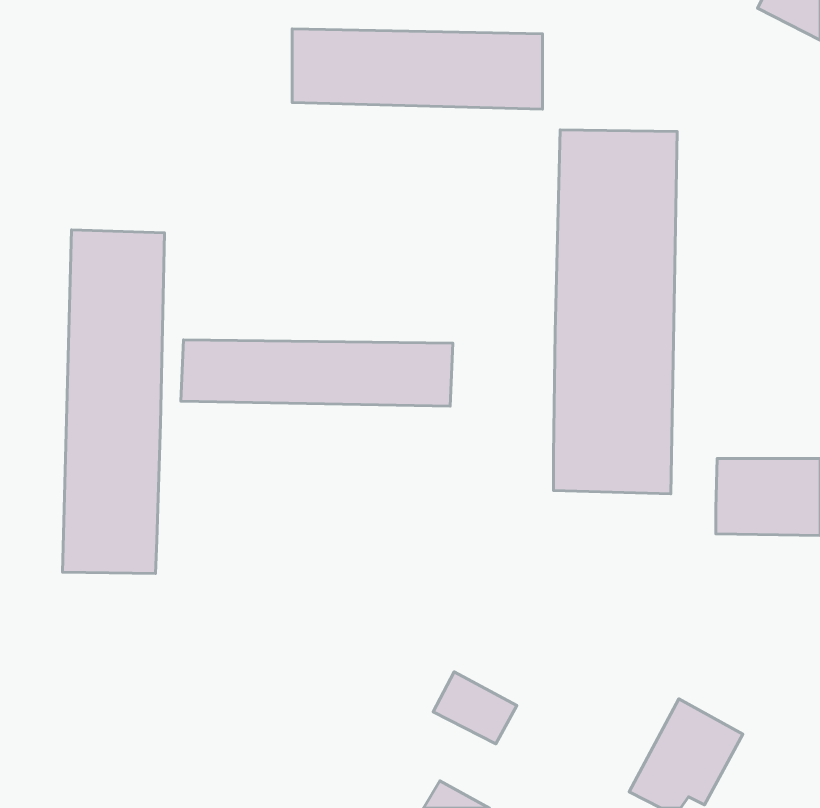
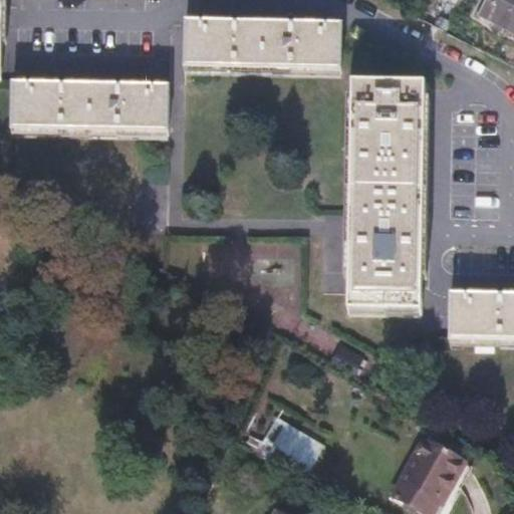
building: none -> [11,80,167,131]
building: [62,230,164,574] -> none
building: [181,340,453,406] -> none

